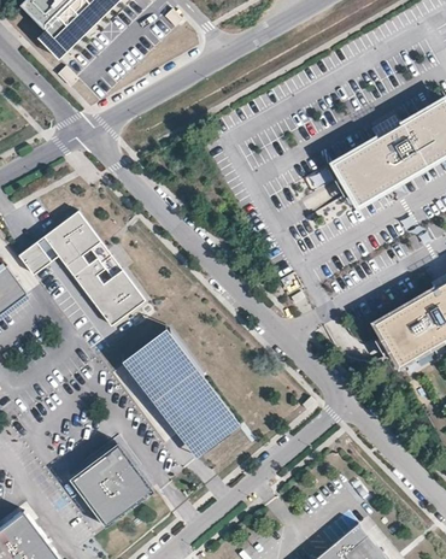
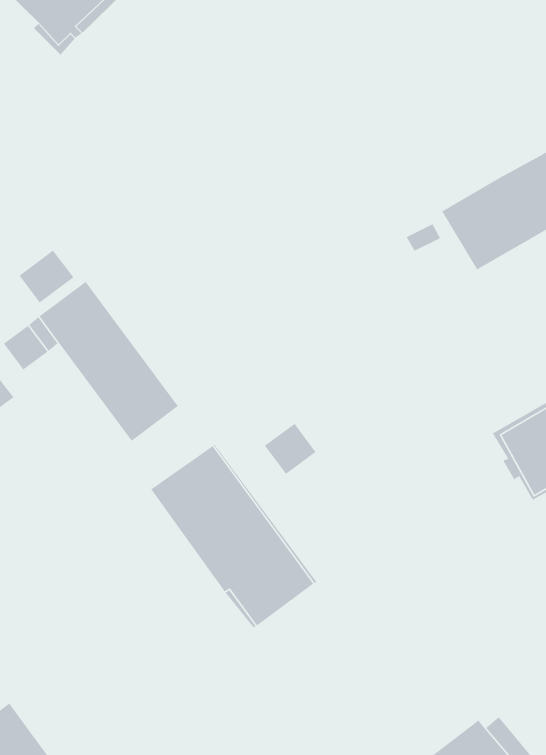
building: none -> [18,250,74,303]
building: none -> [264,423,317,475]
building: [69,442,153,526] -> none

